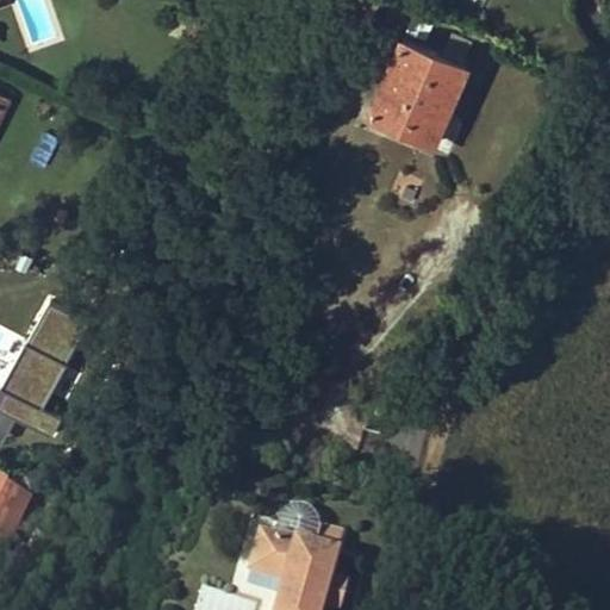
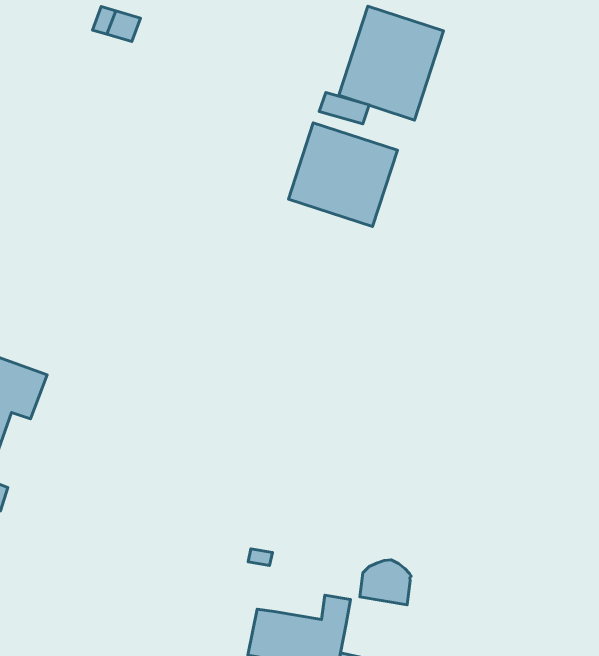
building: none -> [288,123,397,227]
building: [274,515,319,554] -> [360,560,411,605]

